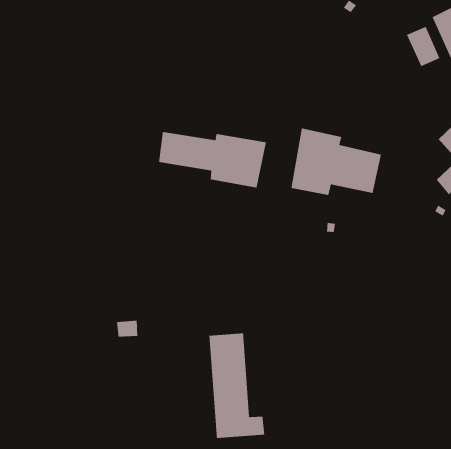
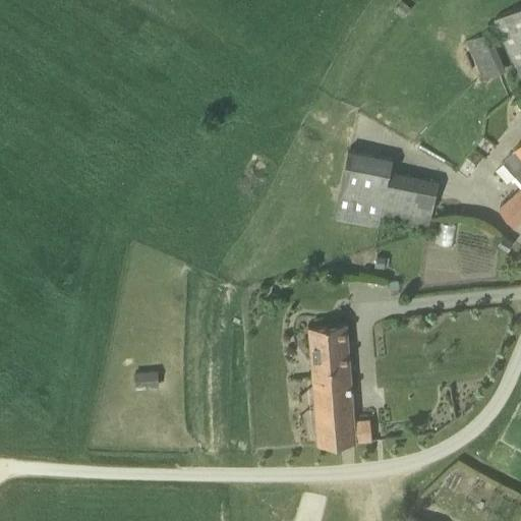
building: [158,131,267,189] -> none
building: [208,333,265,439] -> [307,326,372,448]

